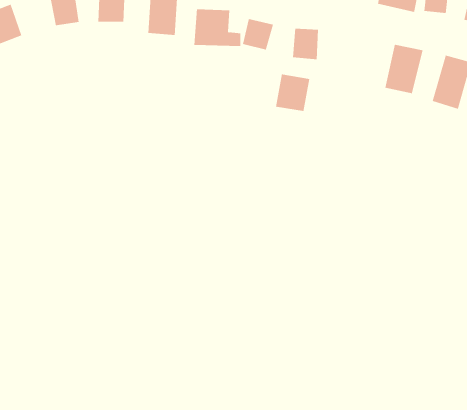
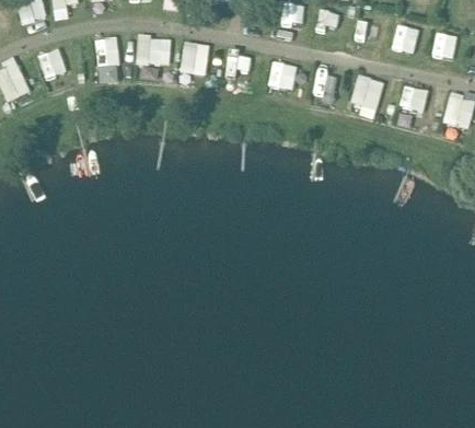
building: [275,74,310,112] -> [352,76,384,109]

